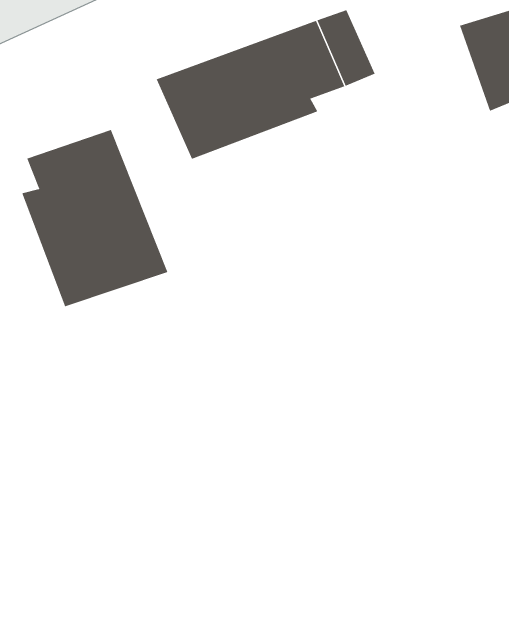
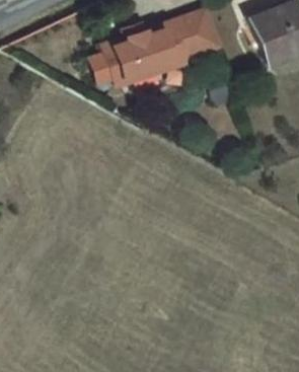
building: [21,129,168,307] -> none

